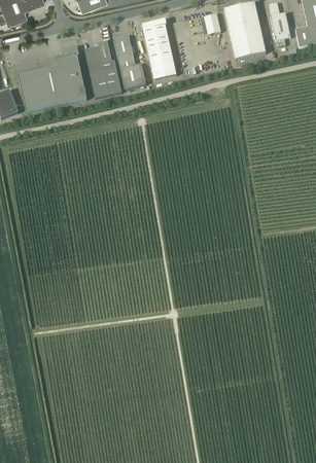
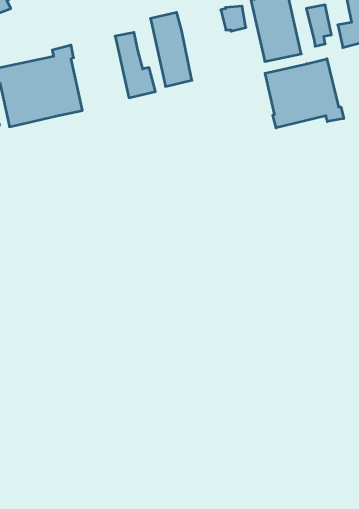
building: [82,41,120,99] -> none
building: none -> [265,59,344,128]

